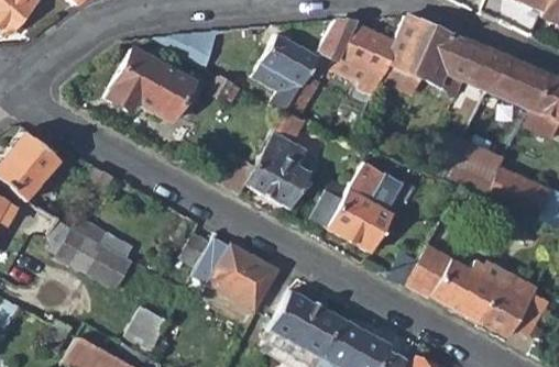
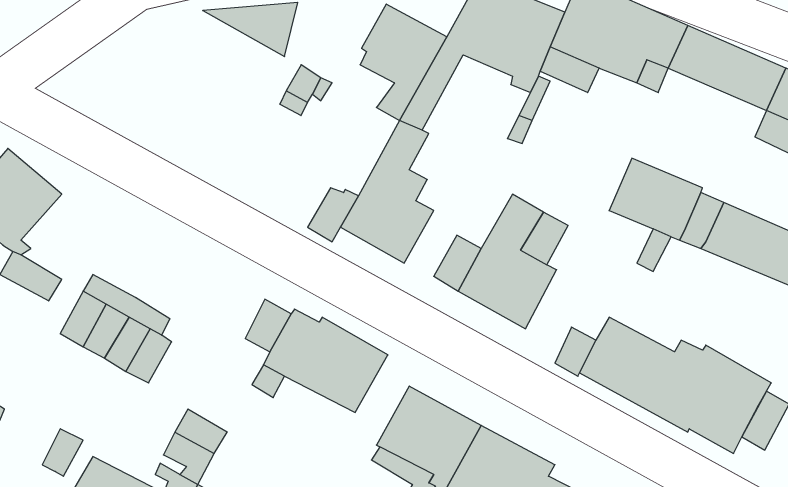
building: [106,48,191,120] -> none

